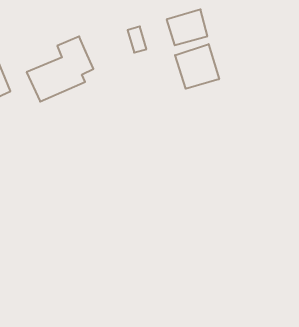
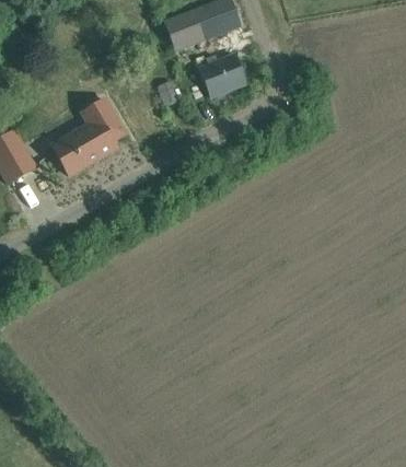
building: [175,44,219,89] -> none

